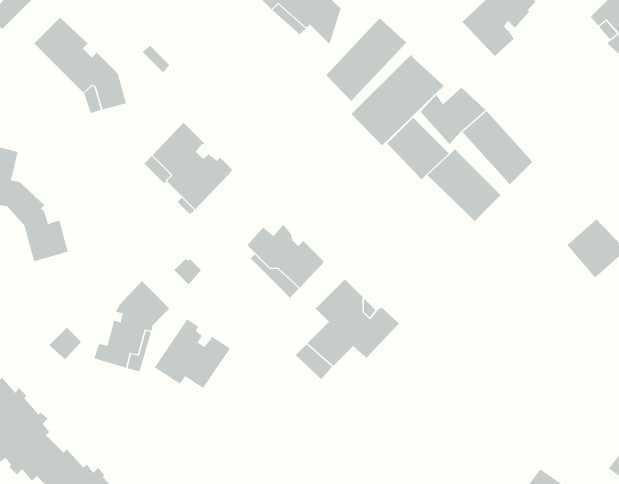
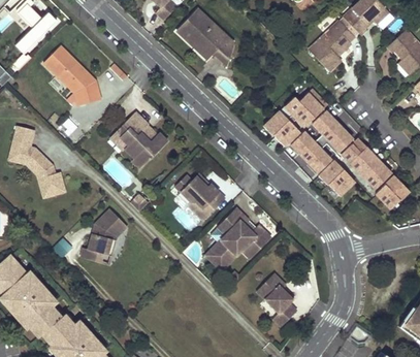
building: [325,18,407,102] -> none
building: [351,54,444,146] -> none
building: none -> [338,133,392,188]
building: none -> [317,157,356,196]
building: [154,319,231,389] -> none
building: none -> [257,273,297,327]

